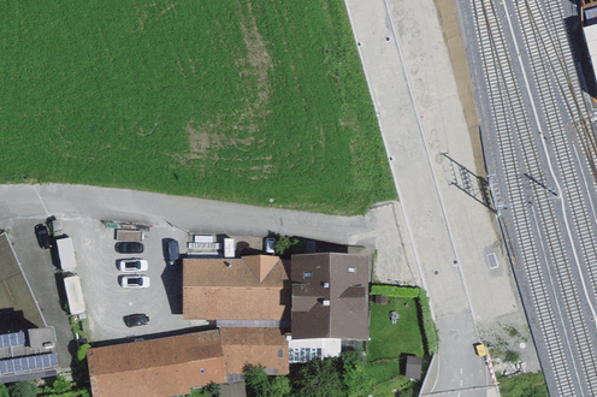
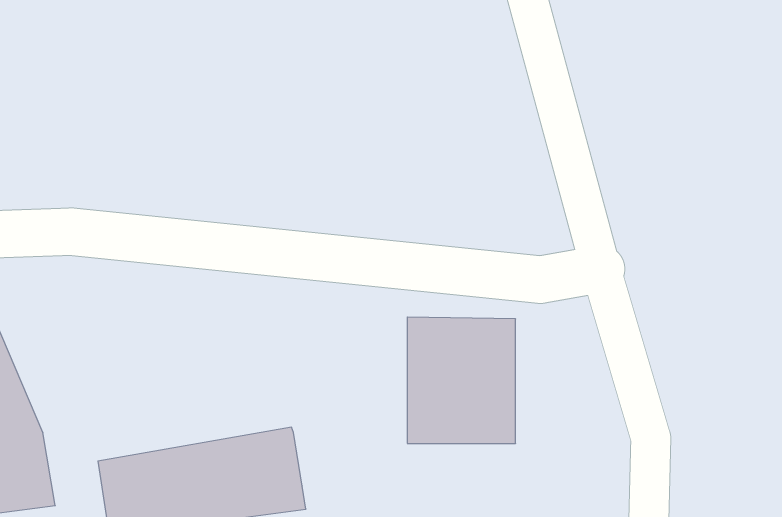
building: [179,254,295,320] -> none
building: [218,332,289,369] -> none

